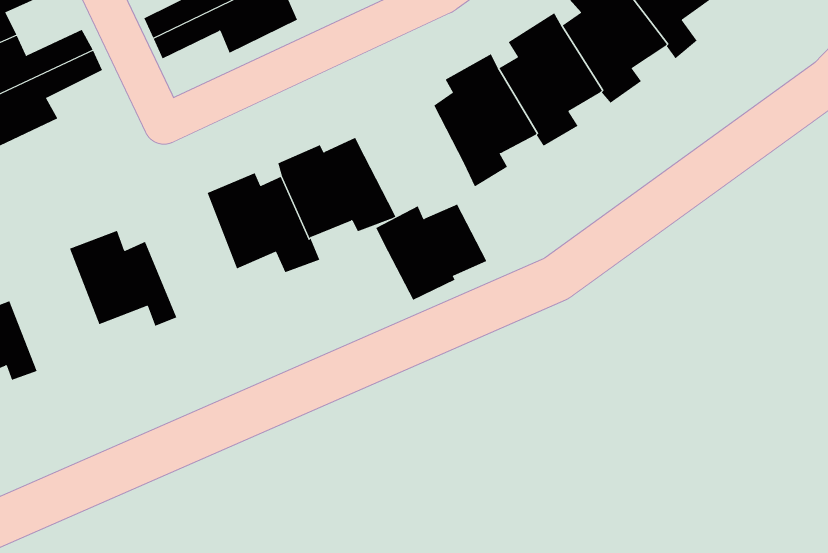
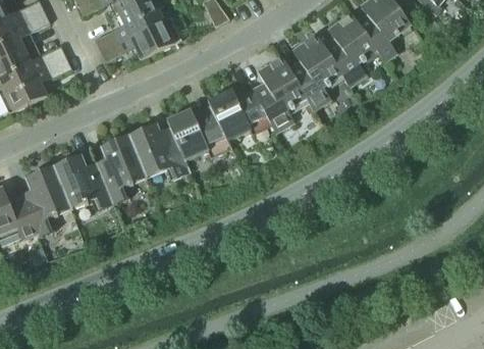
building: none -> [94,136,144,204]
building: [376,204,487,300] -> [207,88,268,141]
building: none -> [19,166,68,237]

